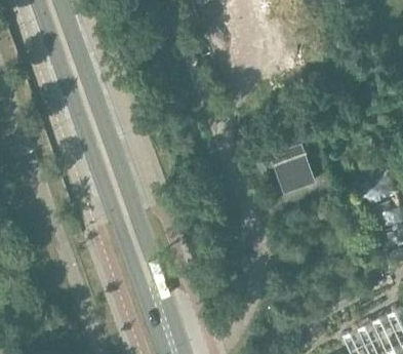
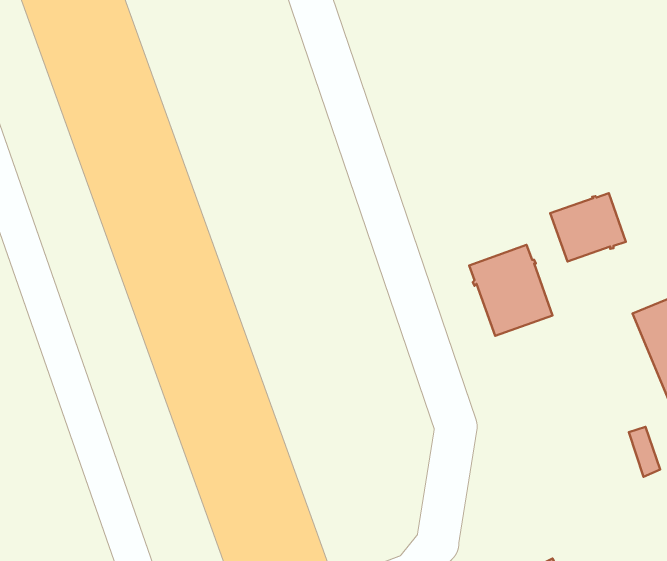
building: none -> [550,193,626,262]

